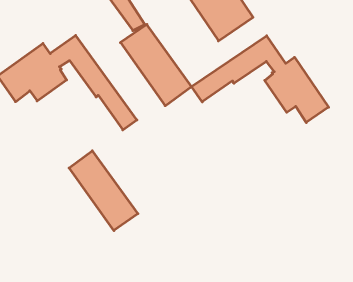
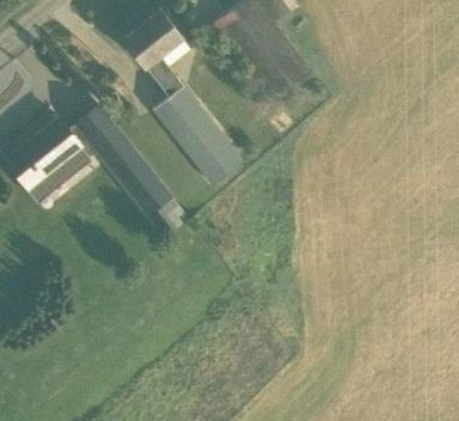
building: [192,36,329,123] -> none
building: [69,151,138,231] -> none

